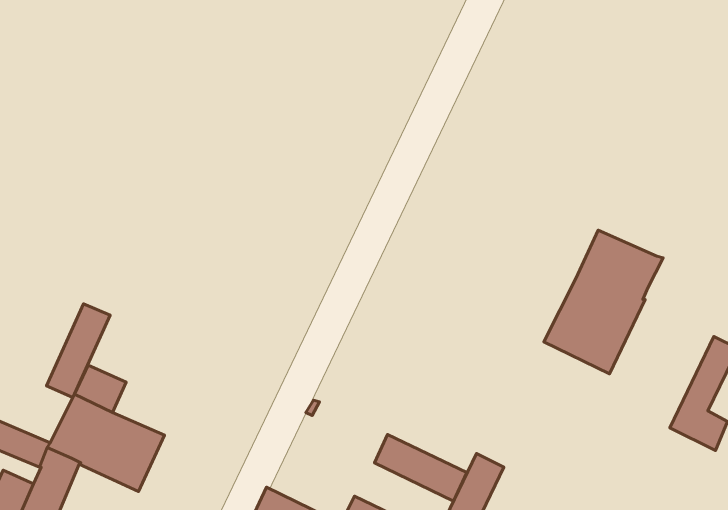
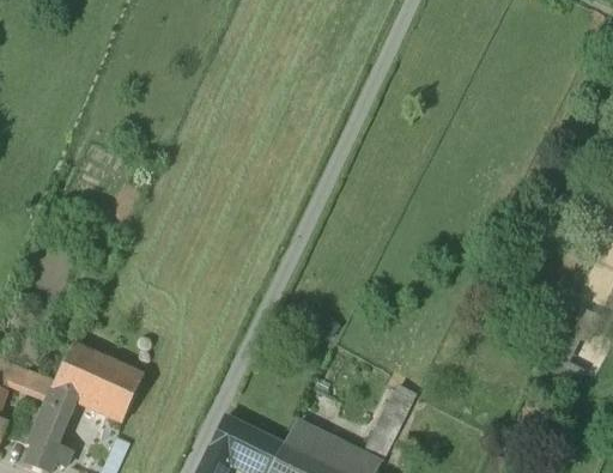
building: [544,230,663,374] -> none
building: [46,304,110,397] -> none
building: [374,435,467,501] -> none

